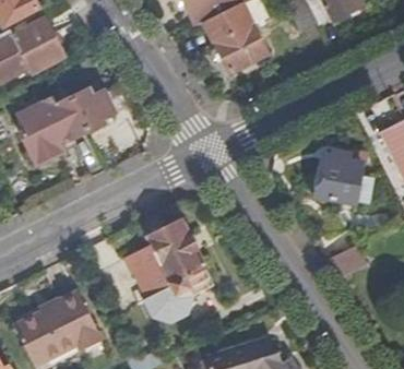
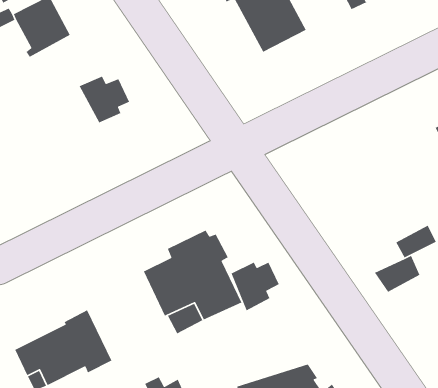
building: [22,96,87,147] -> none
building: [314,152,369,203] -> none
building: none -> [230,261,280,311]

